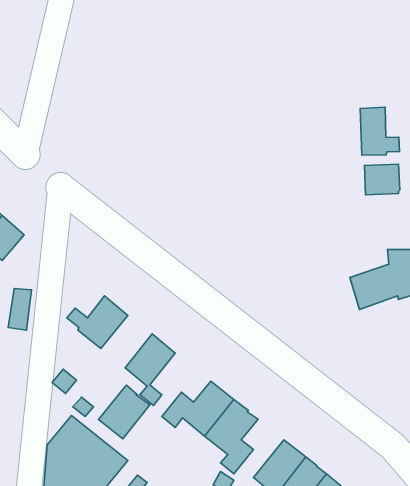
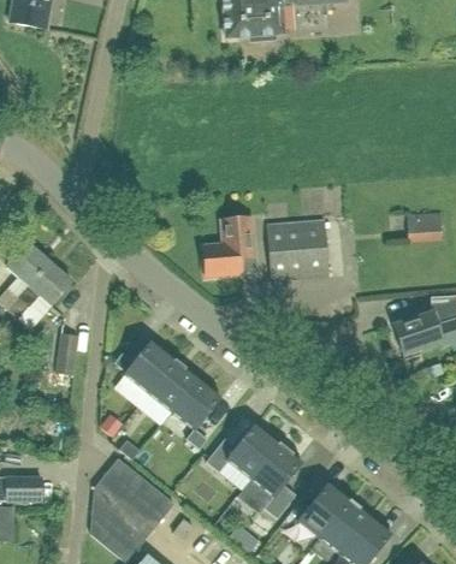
building: [360,107,400,155] -> none
building: none -> [203,216,255,275]
building: none -> [267,220,328,279]
building: [98,385,150,439] -> [147,358,197,411]

